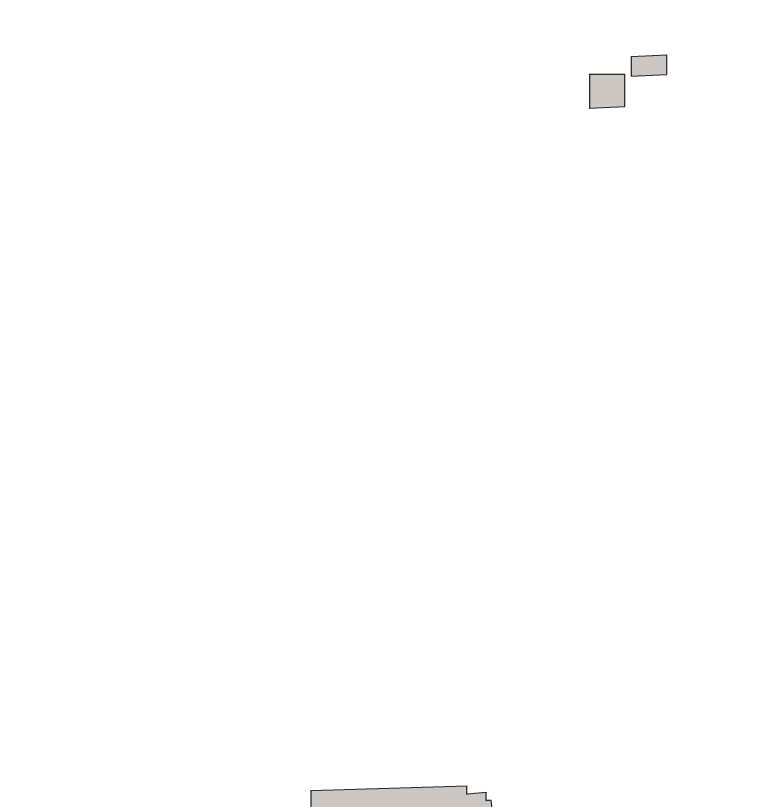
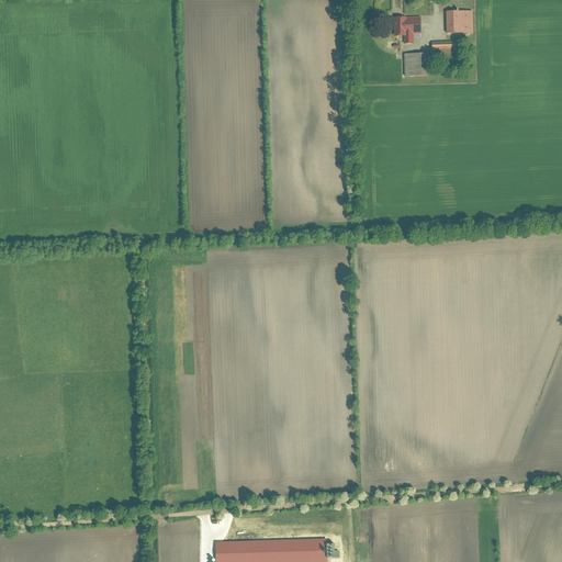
building: none -> [446,11,472,34]
building: none -> [392,16,419,44]

